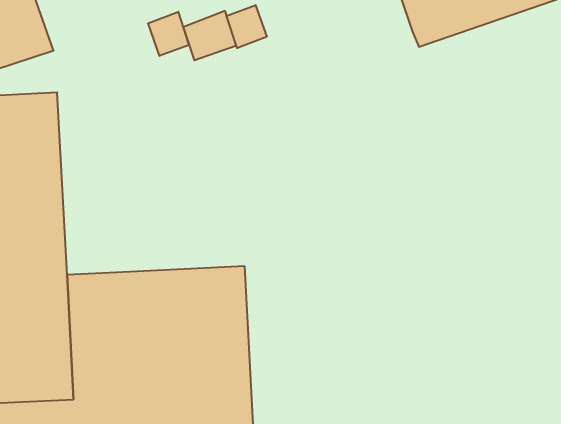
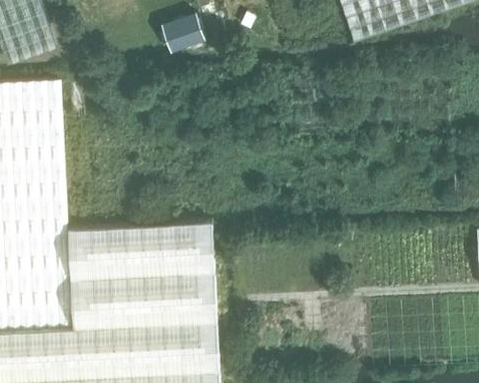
building: [227,5,267,48] -> none
building: [148,12,189,56] -> none

